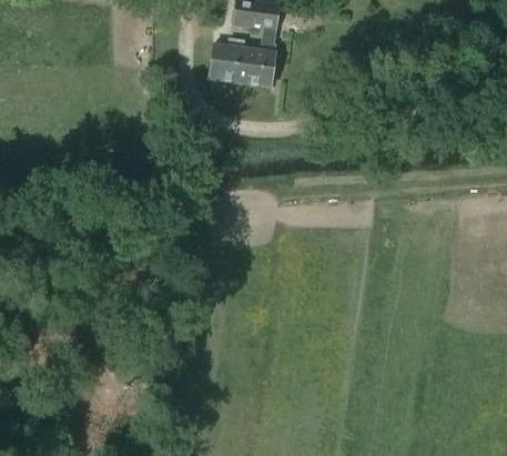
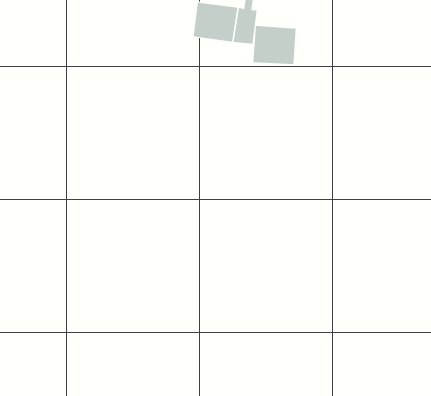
building: none -> [253,25,296,65]

